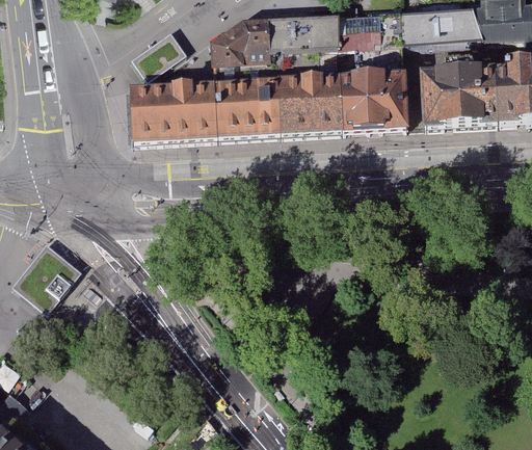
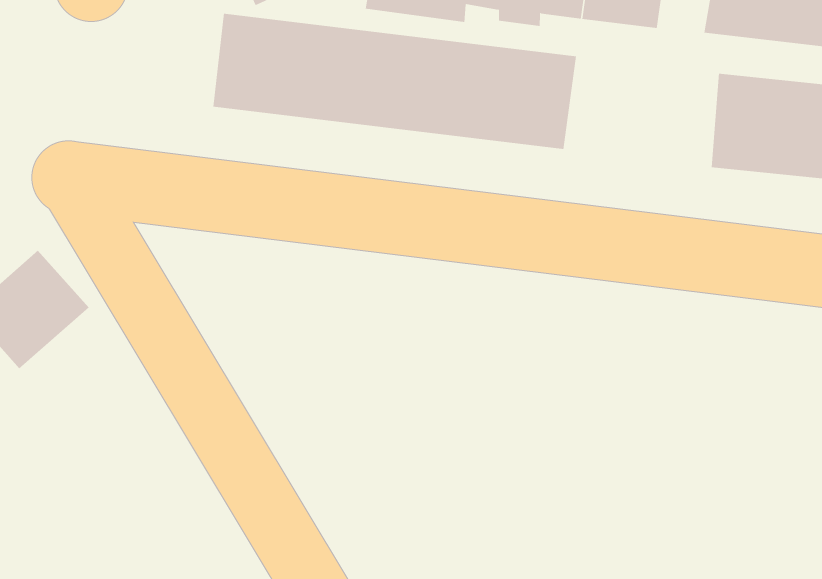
building: [338,71,409,129] -> none

